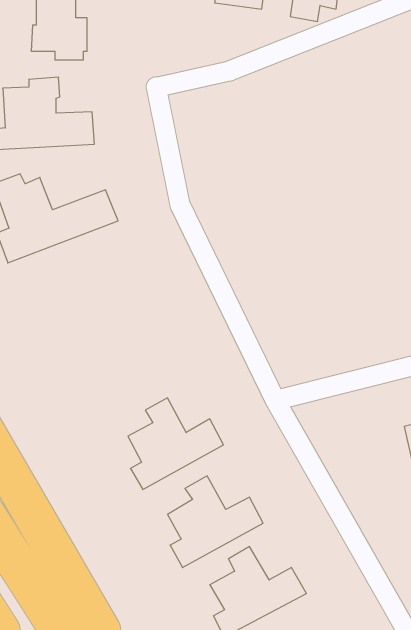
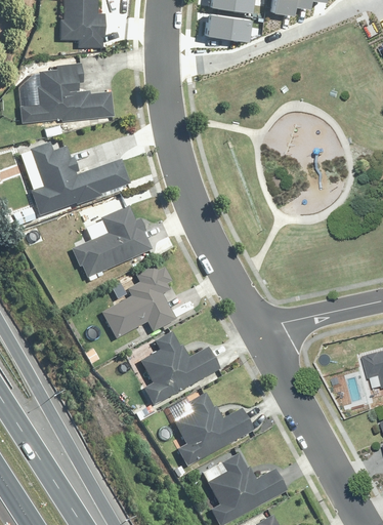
building: none -> [206,11,248,37]
building: none -> [72,203,151,278]
building: none -> [101,260,177,337]

